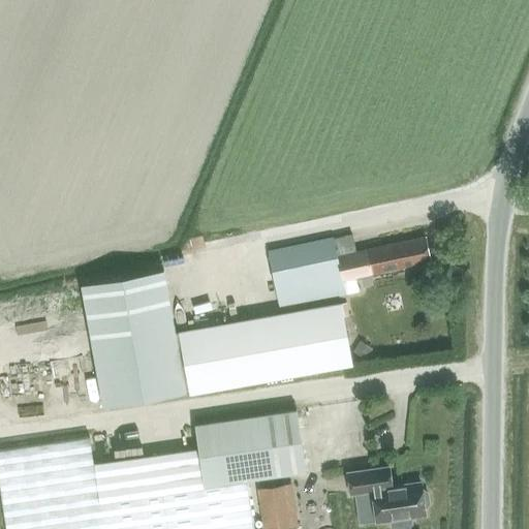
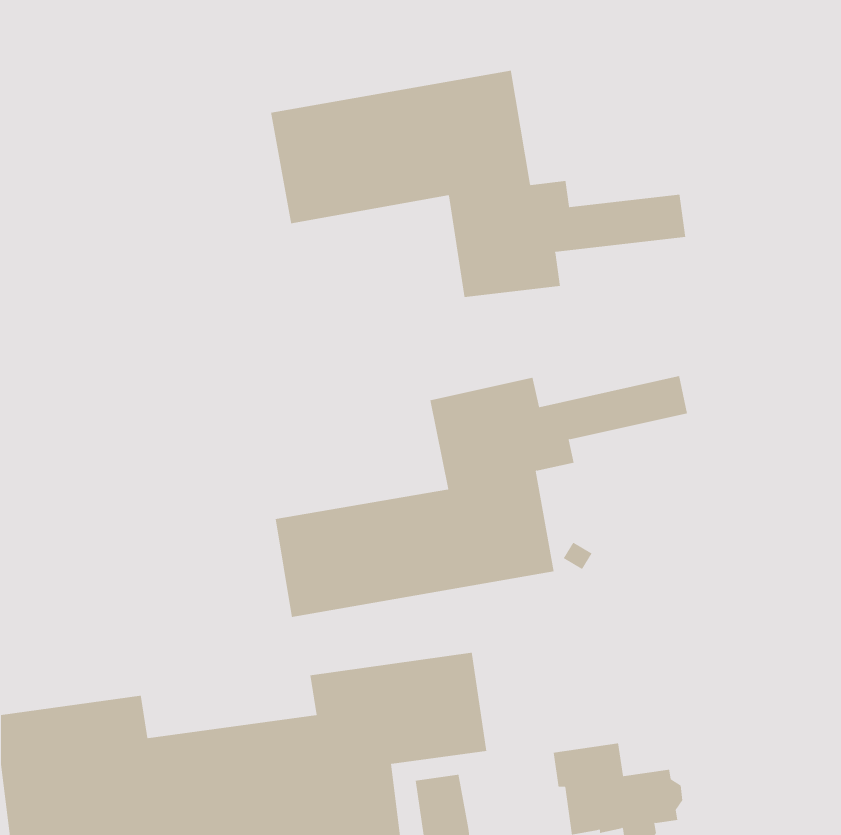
building: none -> [271,70,686,298]
building: [85,272,184,408] -> none

